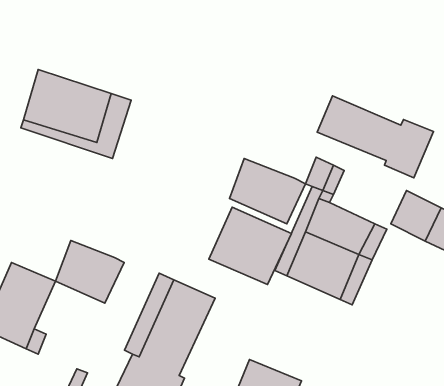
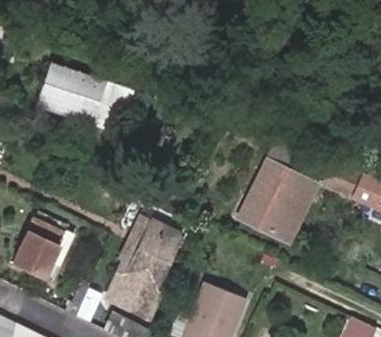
building: [317,96,434,178] -> none
building: [230,158,306,224] -> none
building: [209,207,291,284] -> none
building: [55,240,124,303] -> none

